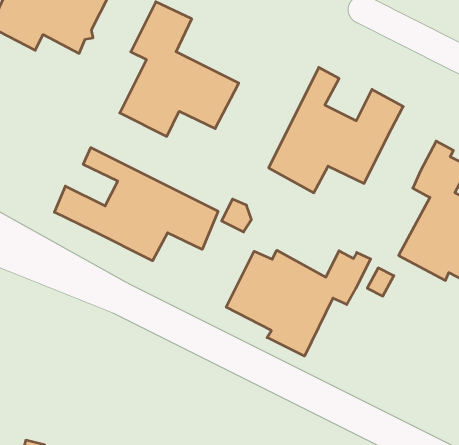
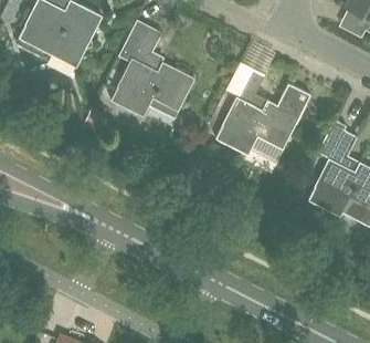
building: [54,148,218,261] -> none
building: [226,250,371,356] -> none

